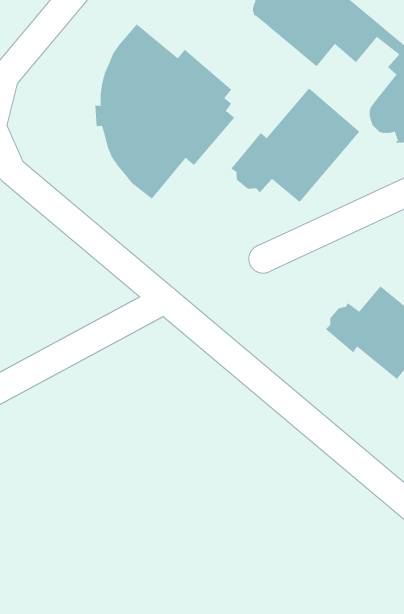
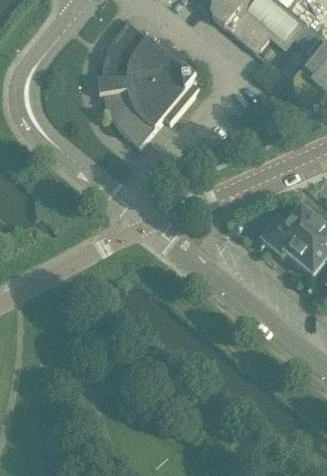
building: [230,88,360,203] -> none

